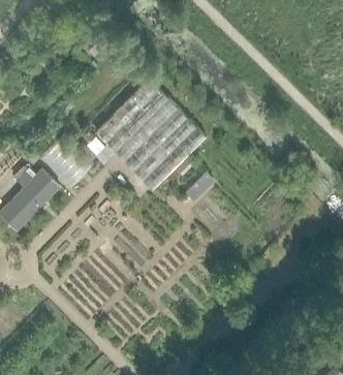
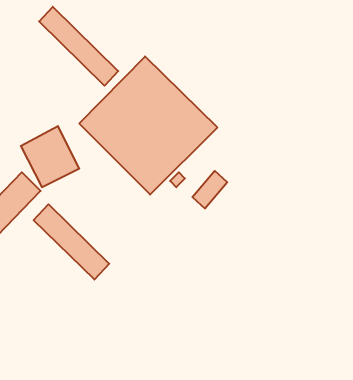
building: none -> [39,7,118,86]
building: none -> [34,204,109,280]

